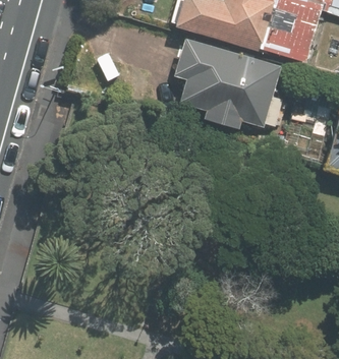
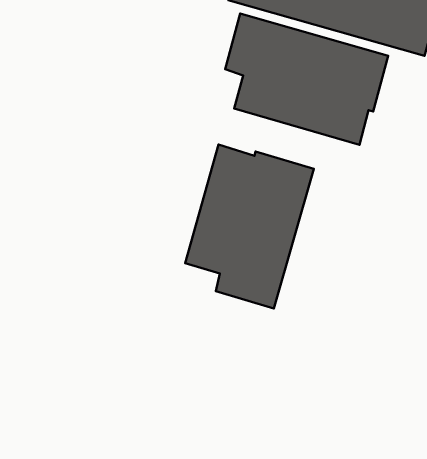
building: none -> [185,145,314,309]

